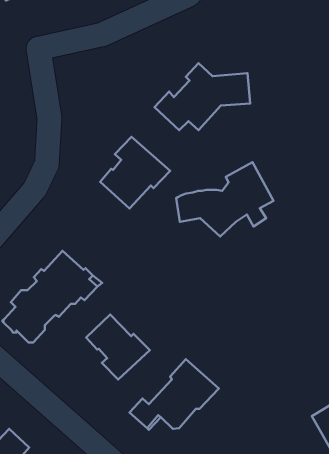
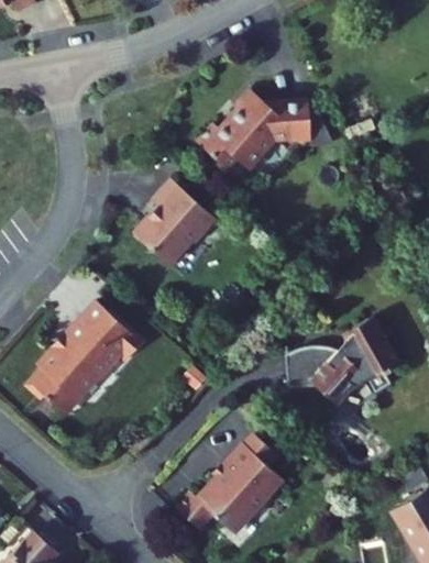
building: [176,162,274,237] -> [283,318,399,407]
building: [86,315,150,379] -> none

